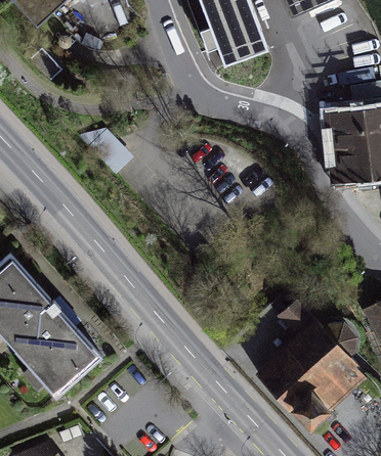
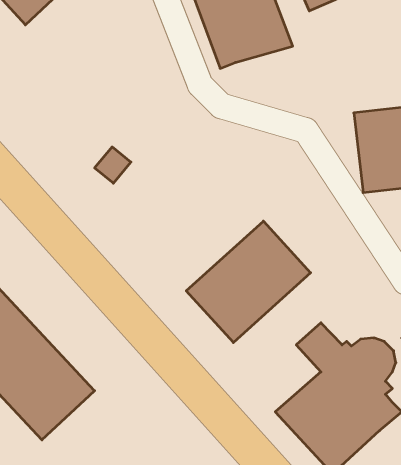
building: none -> [186,221,311,343]

